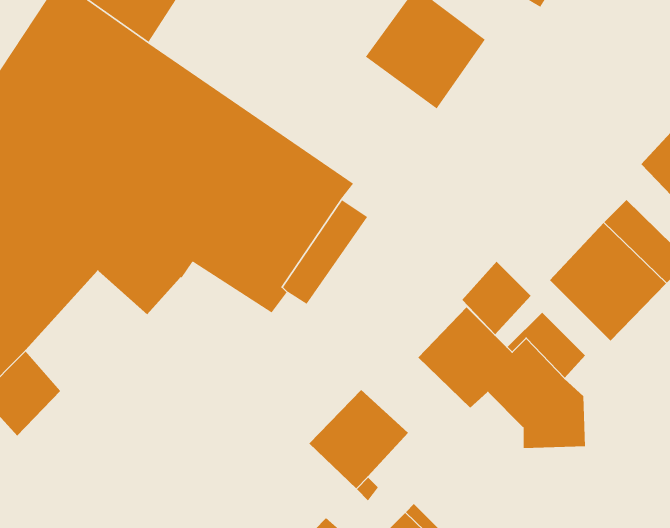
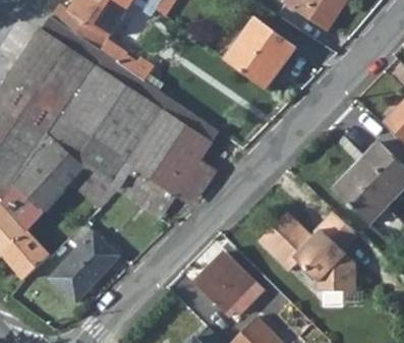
building: [462,261,532,335] -> none
building: none -> [50,233,118,300]

